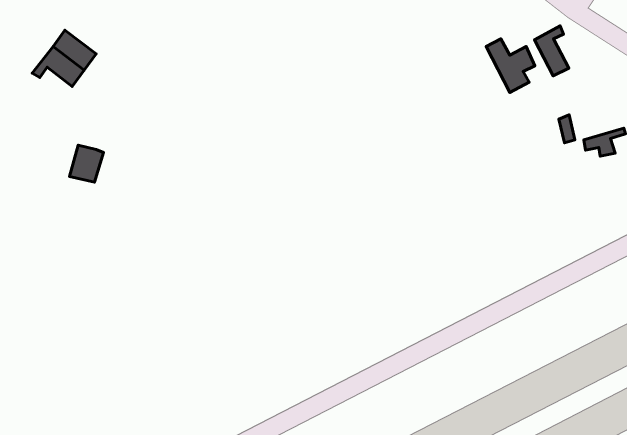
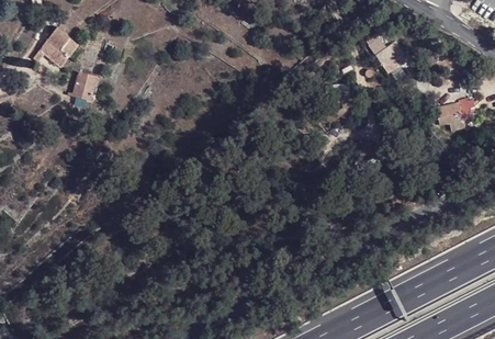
building: [534,26,569,76] -> none
building: [69,145,103,182] -> [71,74,97,101]

